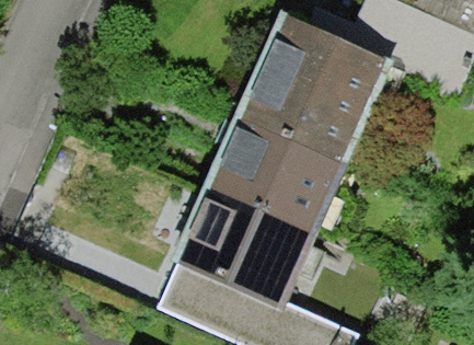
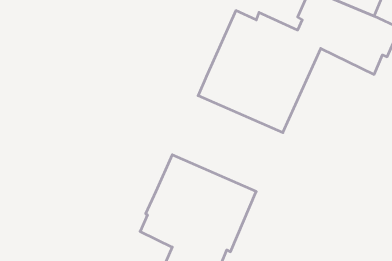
building: [209,116,340,230] -> none

